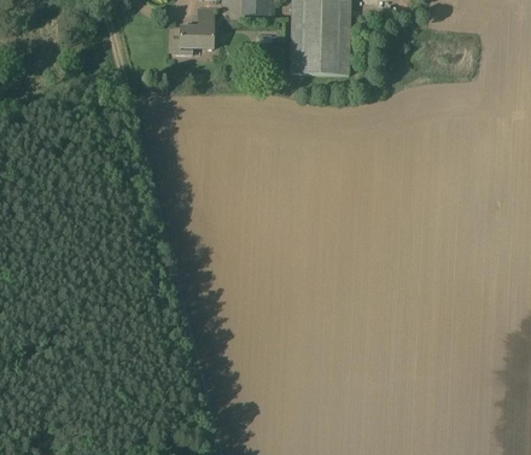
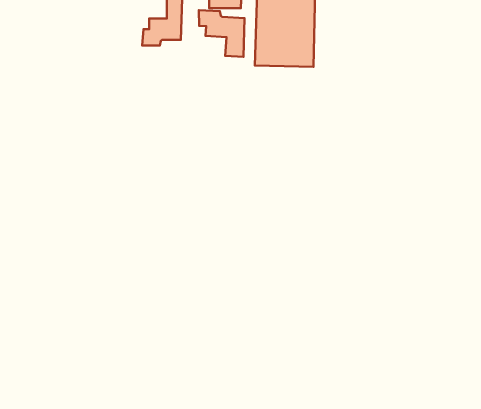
building: none -> [199,10,244,57]

